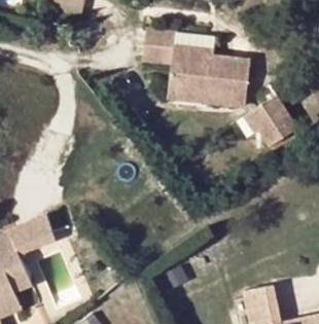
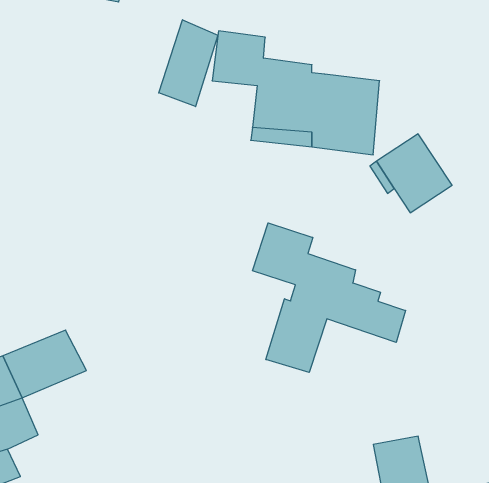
building: none -> [159,20,218,107]
building: none -> [252,223,406,372]

